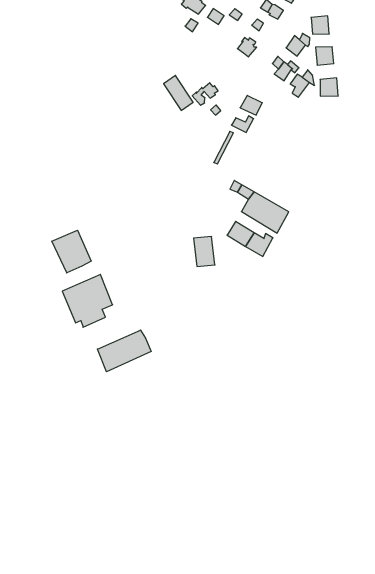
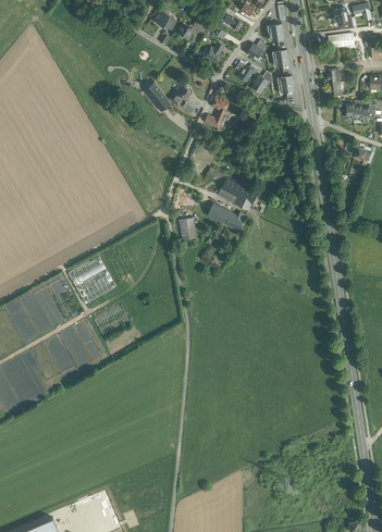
building: [52,230,91,273] -> none
building: [97,330,151,372] -> none

